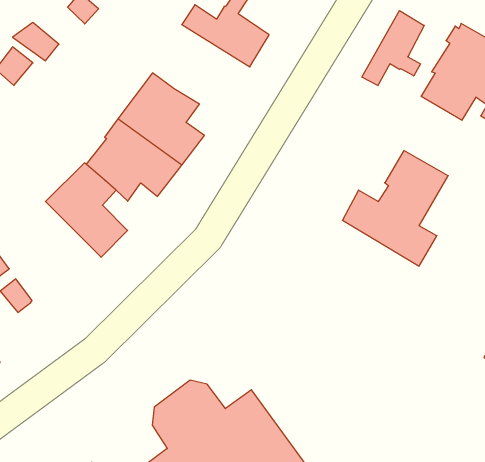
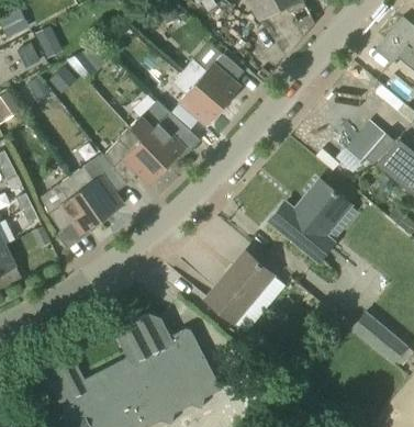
building: [362,11,424,86] -> none
building: none -> [170,70,224,126]
building: none -> [41,176,102,235]
building: none -> [205,251,273,323]

